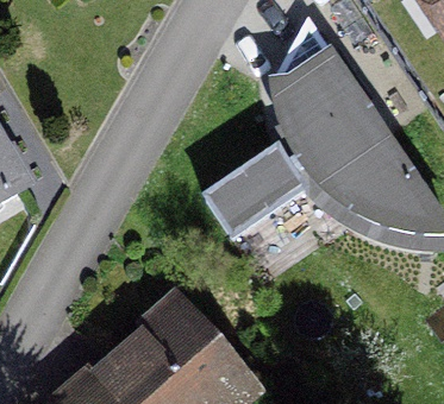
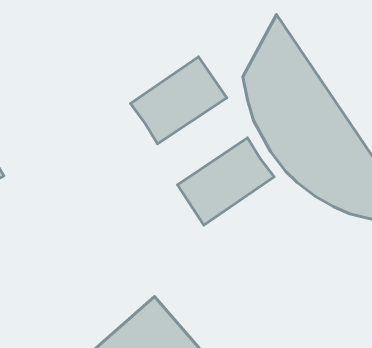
building: none -> [130,57,227,144]

